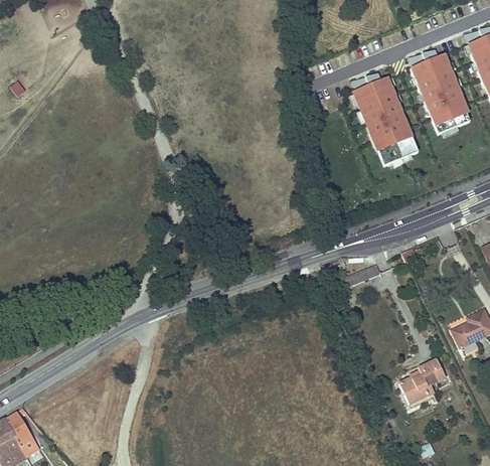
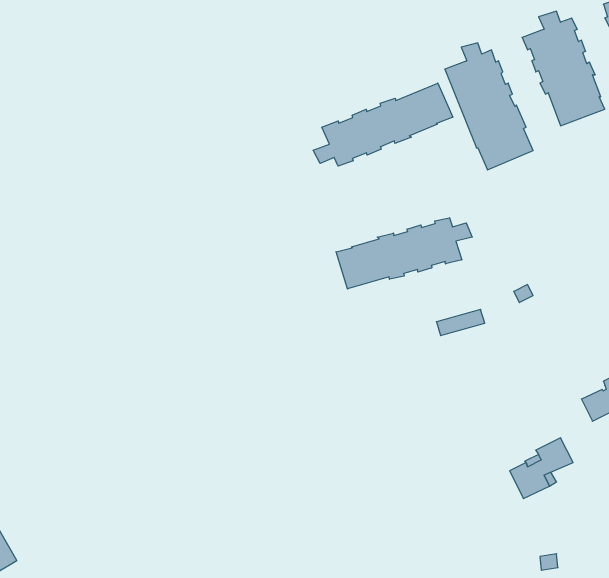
building: none -> [313,83,453,166]
building: none -> [336,218,472,289]

